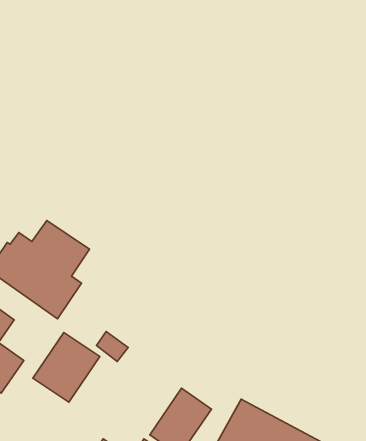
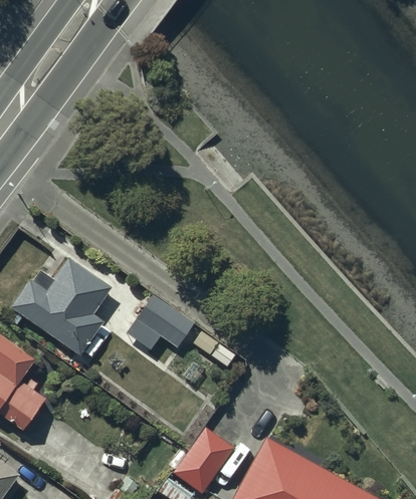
building: none -> [126,295,195,354]
building: [33,333,100,402] -> none

